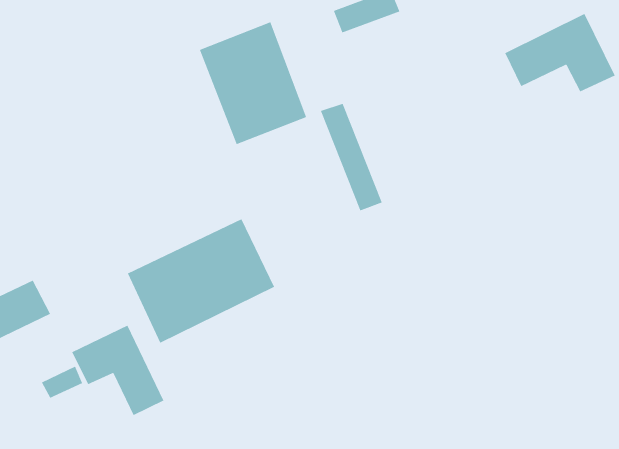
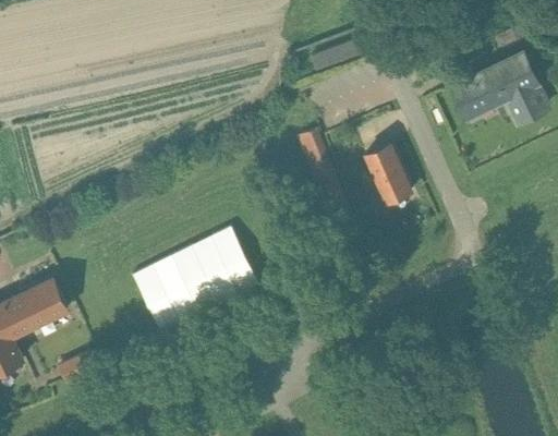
building: [199,21,307,145] -> none
building: none -> [365,144,411,203]
building: [71,324,164,416] -> none

